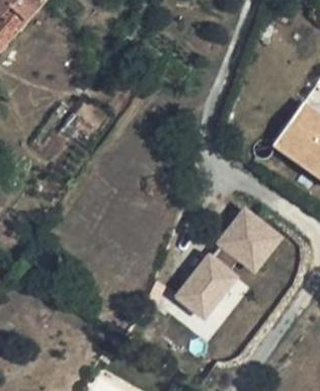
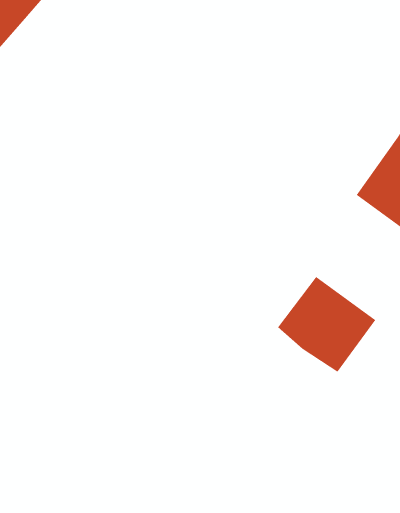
building: [171,247,238,323] -> none

